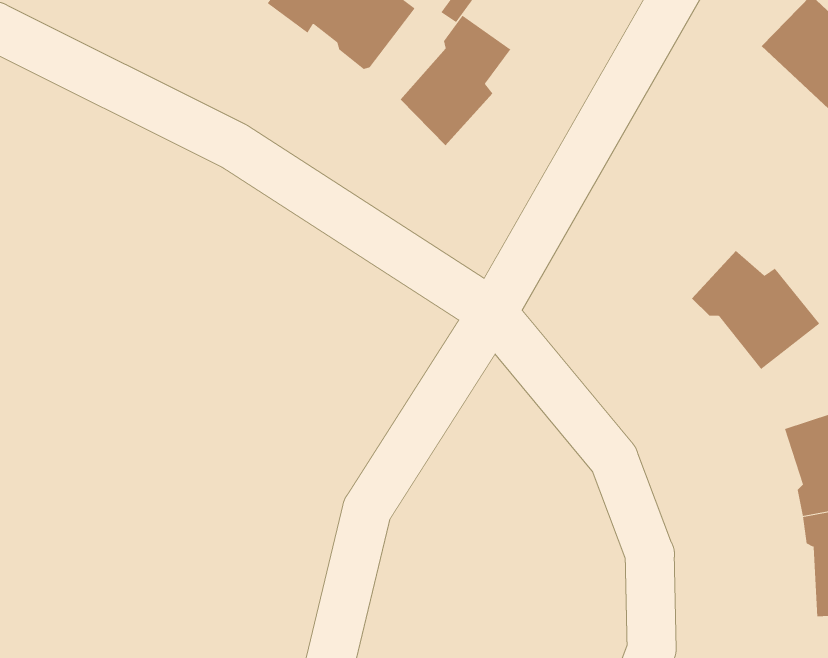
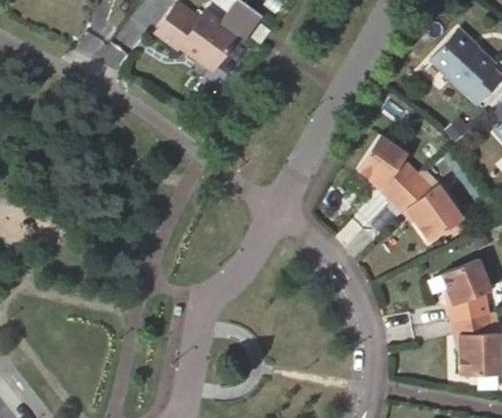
building: [400,15,511,146] -> none
building: none -> [354,132,416,199]

